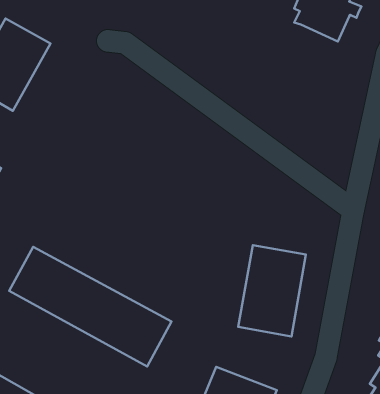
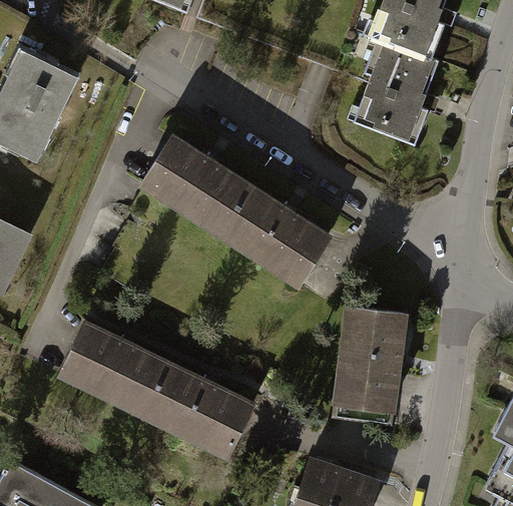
building: none -> [361,36,442,140]
building: none -> [136,137,327,285]

